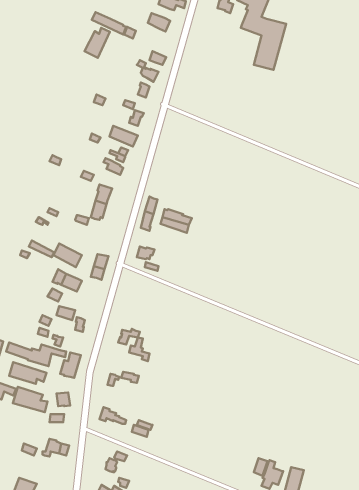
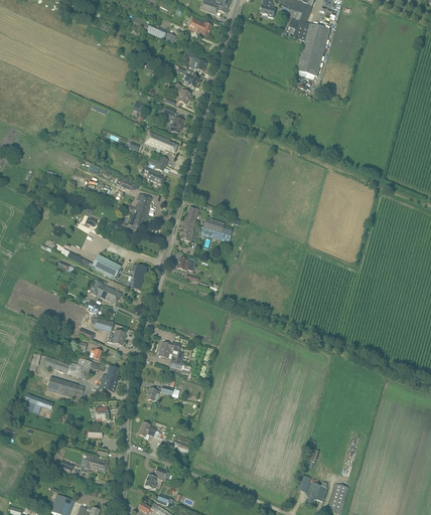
building: [84,28,110,58] -> none
building: [13,387,48,412] -> none

